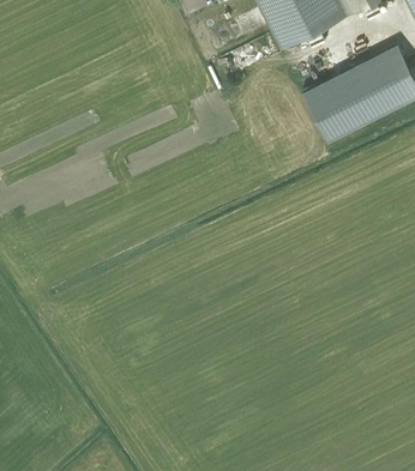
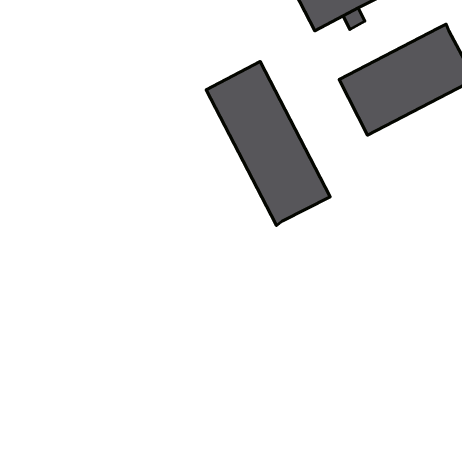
building: none -> [206,62,330,225]

